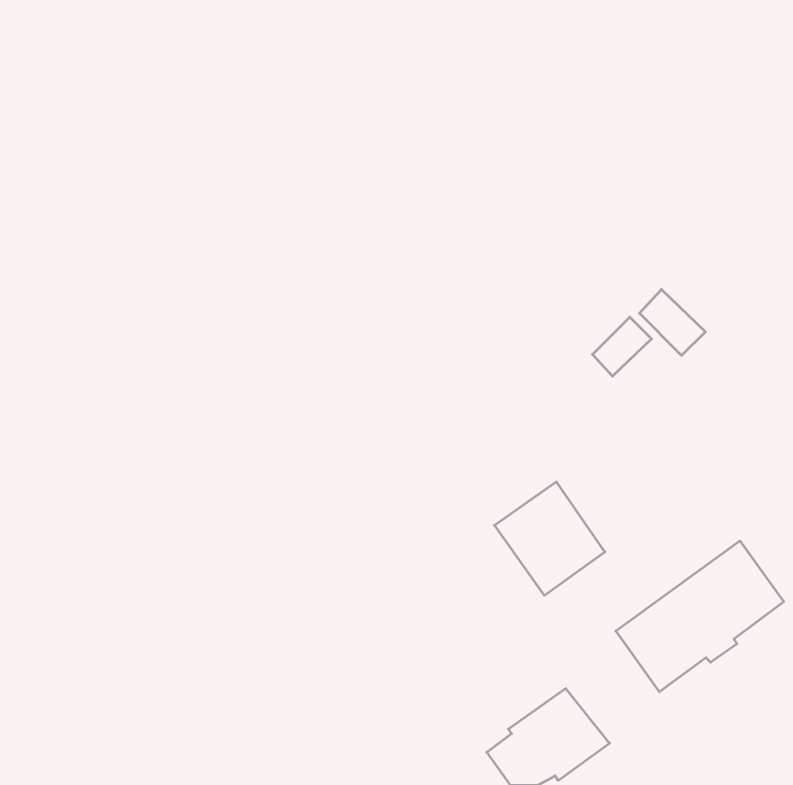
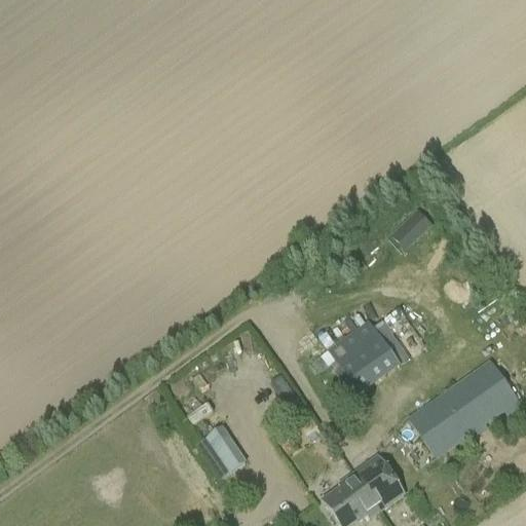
building: [639,289,705,355] -> none
building: none -> [206,424,248,472]

